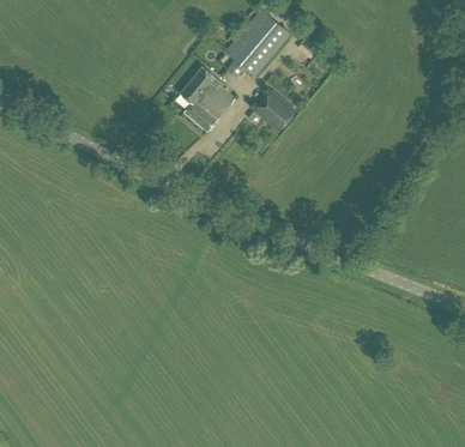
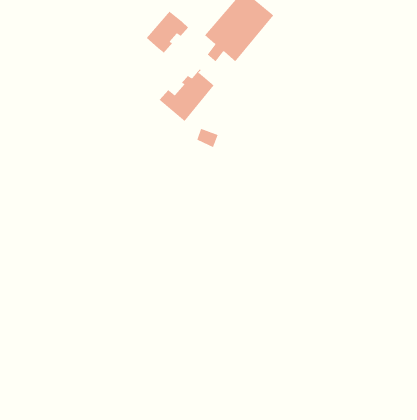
building: [180,67,219,107] -> [146,11,189,53]
building: [253,89,296,132] -> none

